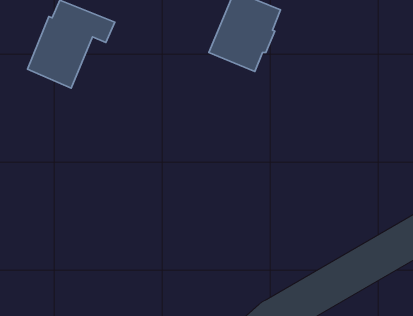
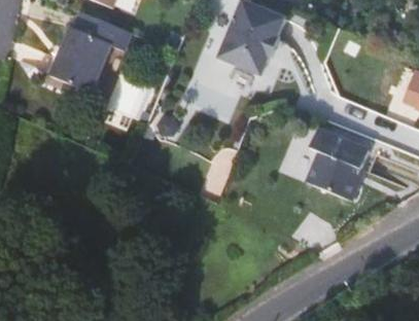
building: none -> [303,131,365,204]

